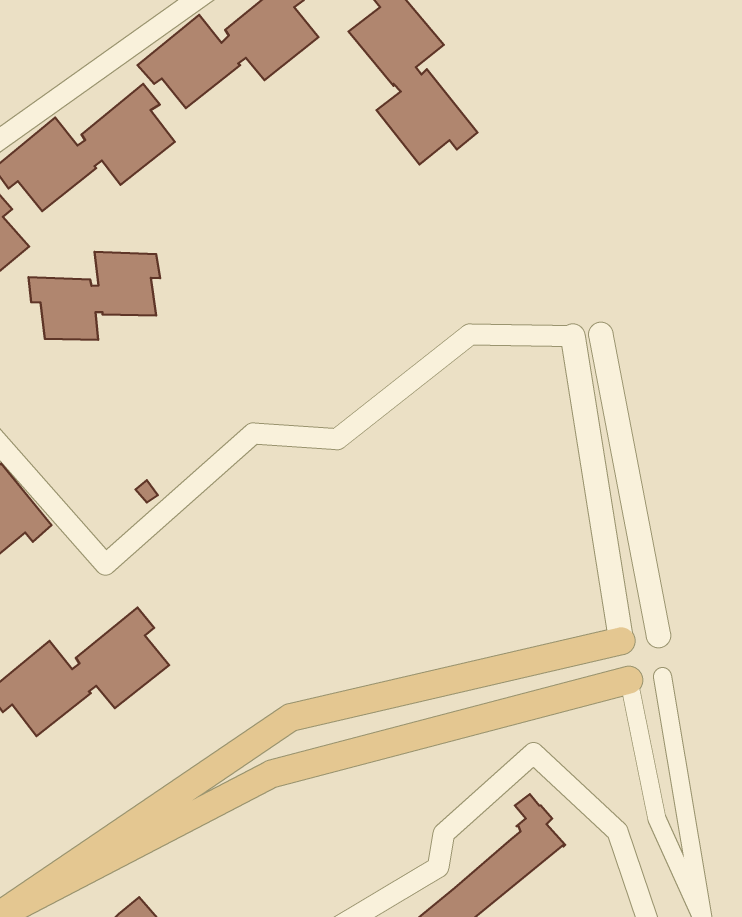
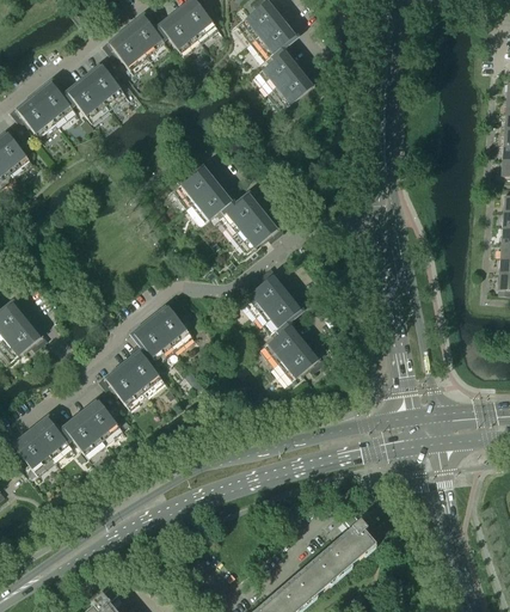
building: none -> [173,159,283,253]
building: [28,252,160,340] -> none
building: none -> [242,268,324,384]
building: none -> [98,299,192,409]

